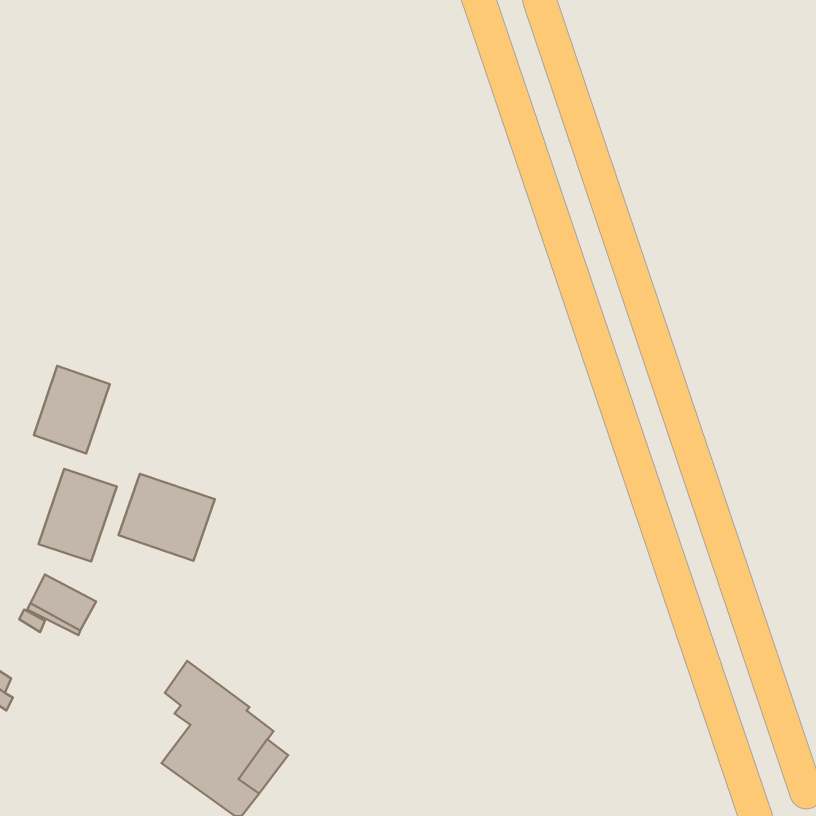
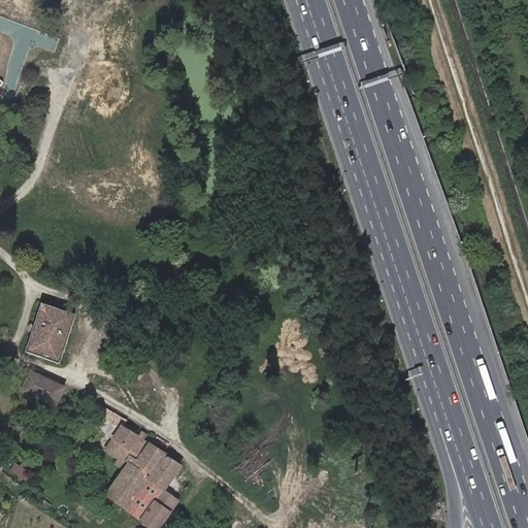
building: [34,366,110,453] -> none
building: [119,474,215,561] -> none

